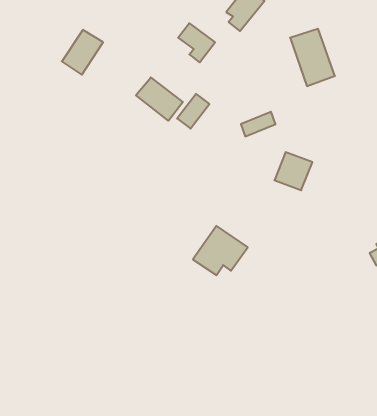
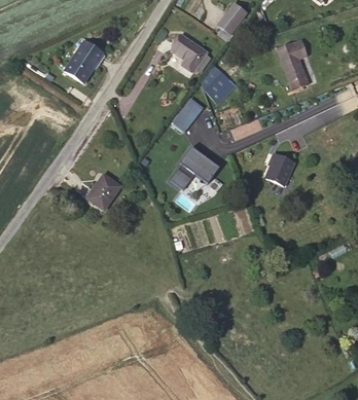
building: none -> [198,65,235,102]
building: [136,77,183,121] -> none
building: none -> [86,173,119,208]
building: [193,226,248,275] -> [168,148,218,193]

